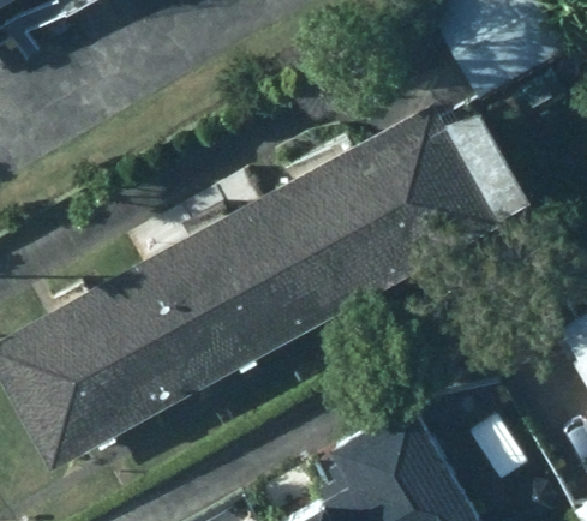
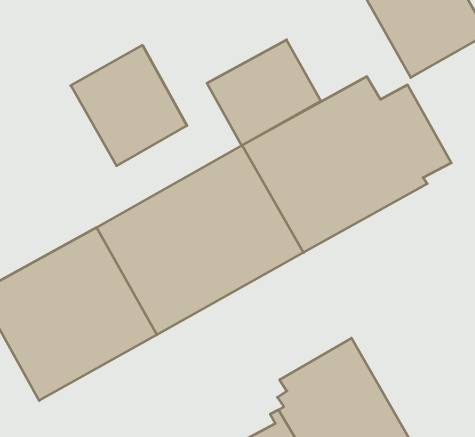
building: none -> [207,40,321,146]
building: none -> [71,45,187,166]

